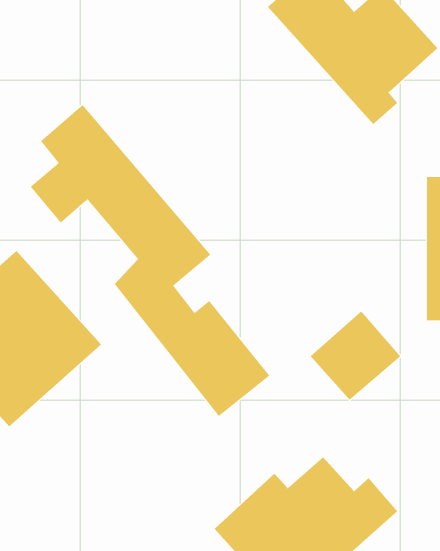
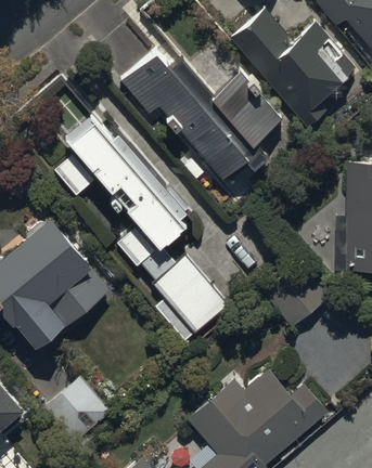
building: none -> [123,41,286,180]

